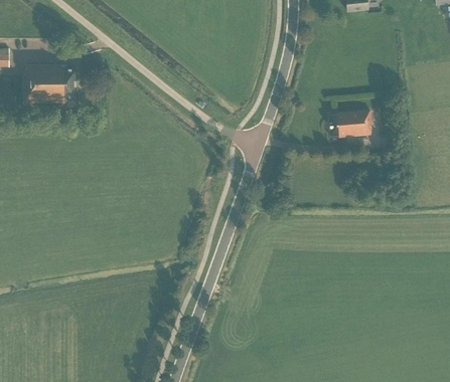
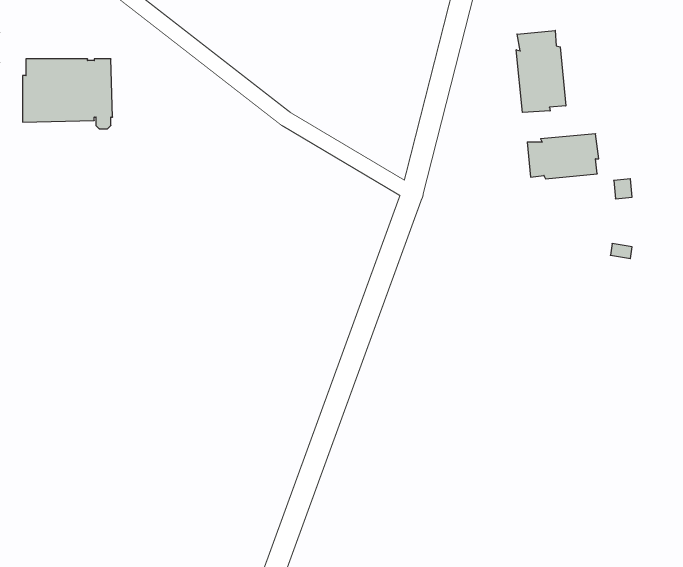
building: none -> [516,30,566,112]

